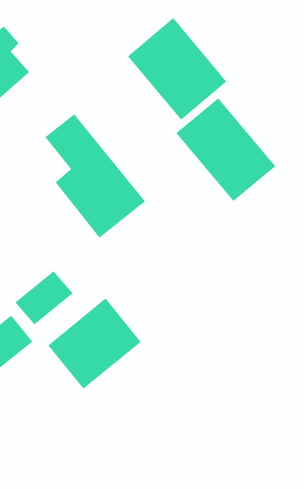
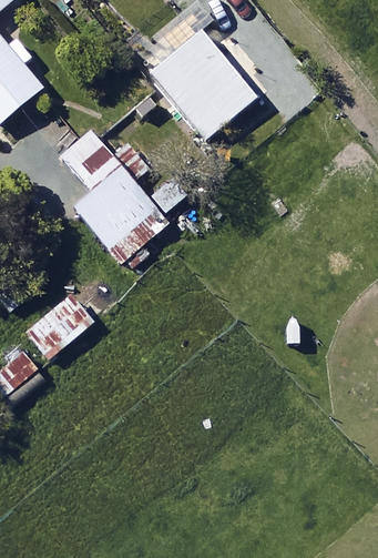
building: [176,98,276,202] -> none
building: [47,298,142,390] -> none

